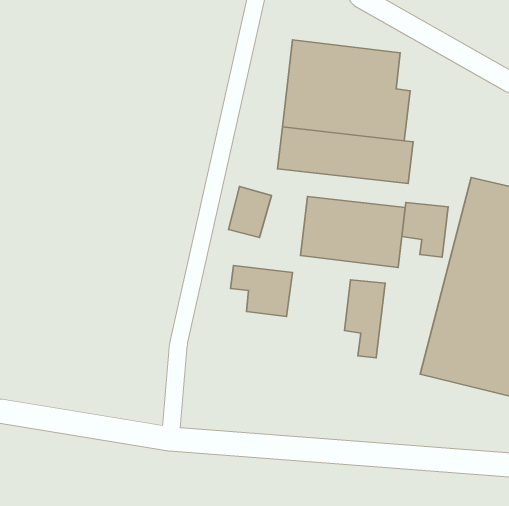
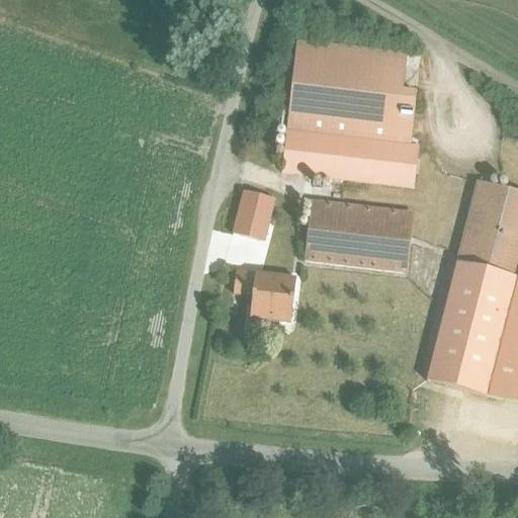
building: [402,202,448,257] -> none
building: [344,280,385,358] -> none

